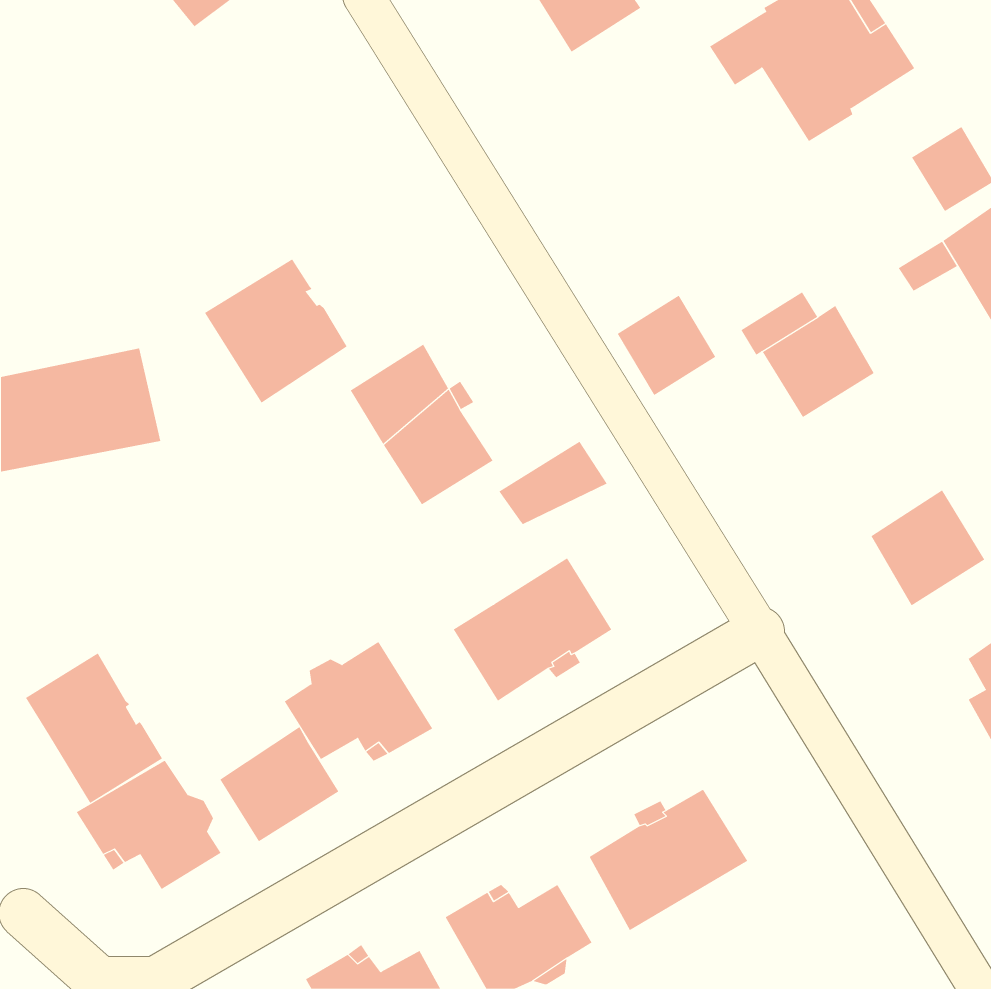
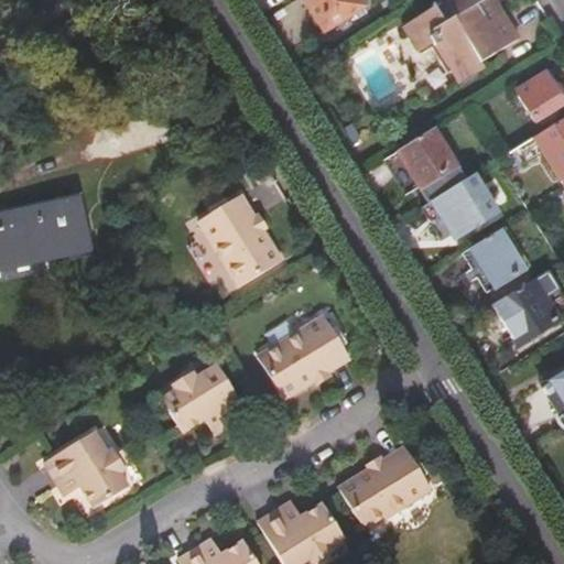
building: [204,259,347,403] -> none
building: [617,295,716,396] -> [400,130,456,187]
building: none -> [471,230,522,286]
building: [499,441,608,525] -> none
building: [25,653,163,804] -> none
building: [219,726,339,842] -> none

